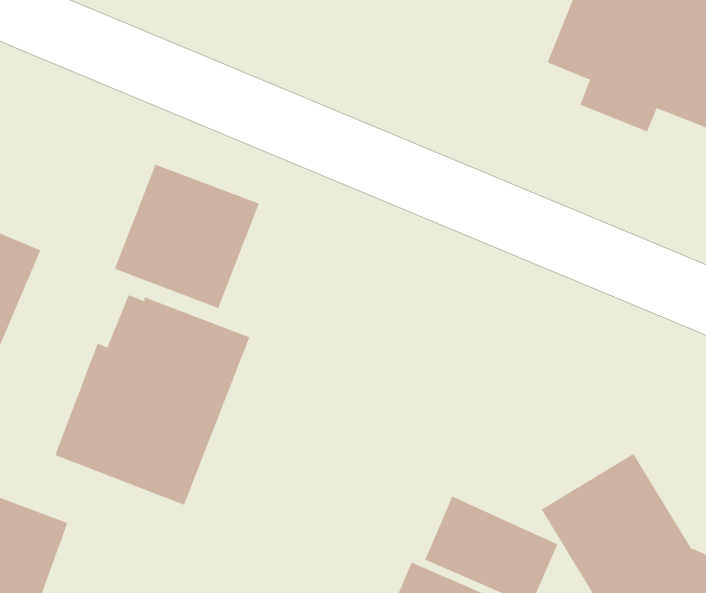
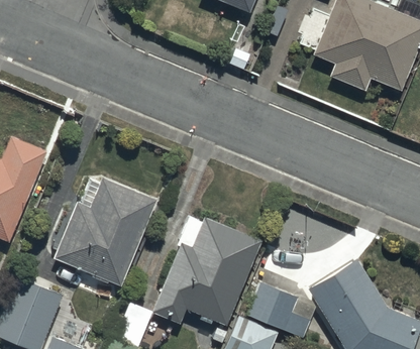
building: [114,164,260,309] -> none
building: none -> [152,213,261,326]

